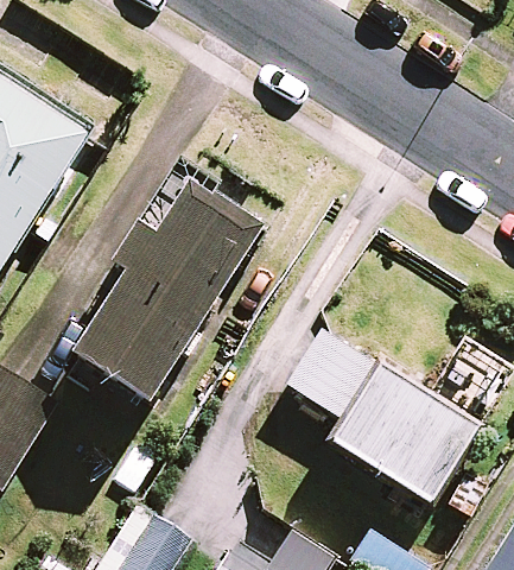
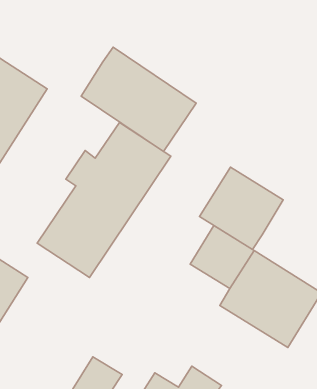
building: none -> [81,47,196,151]
building: none -> [200,167,283,250]

